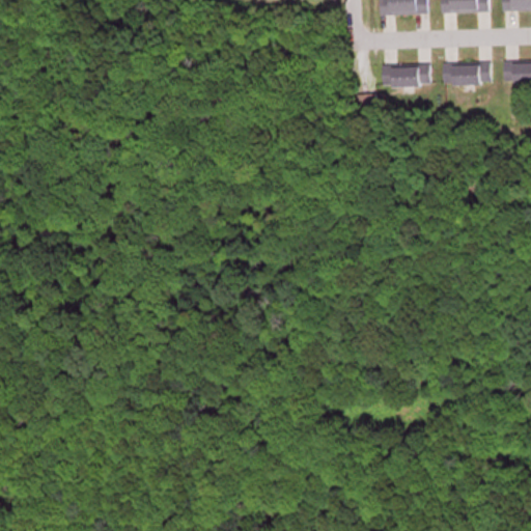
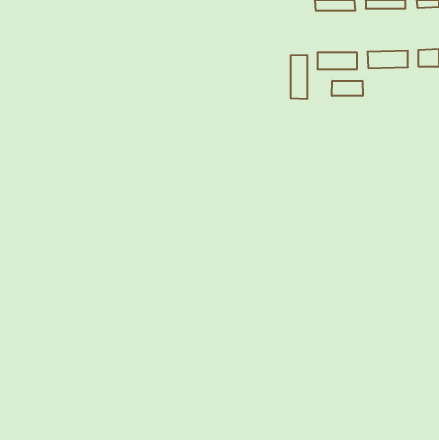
building: none -> [291,55,307,99]
building: none -> [332,81,363,96]

